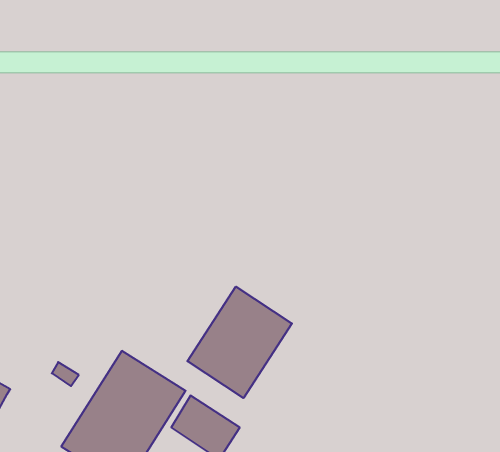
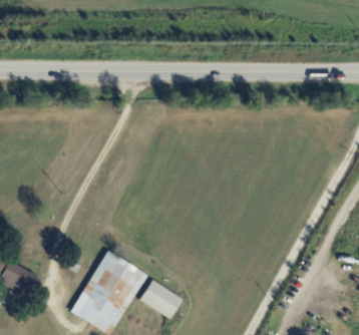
building: [187,287,292,398] -> none

